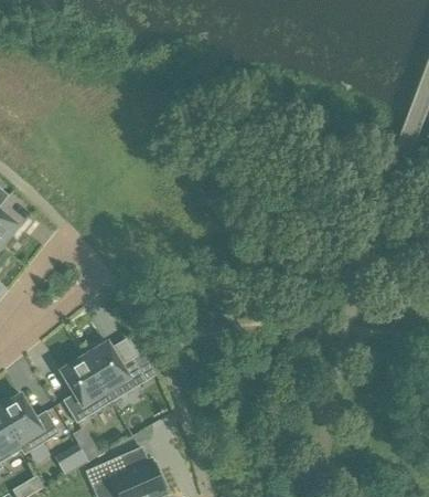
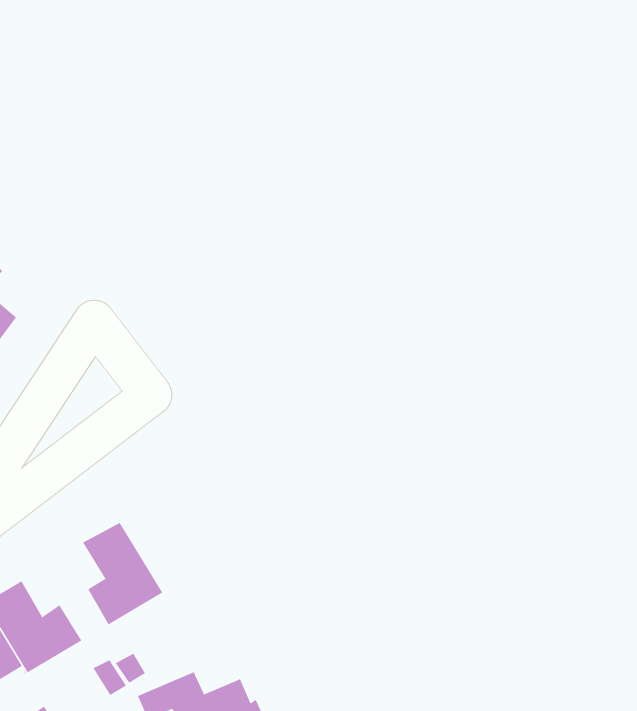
building: [84,342,146,402] -> none

